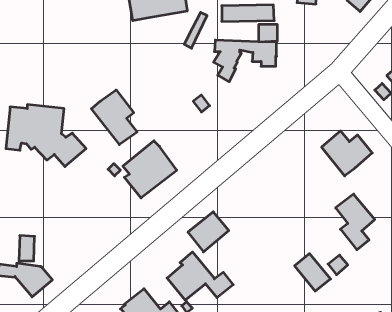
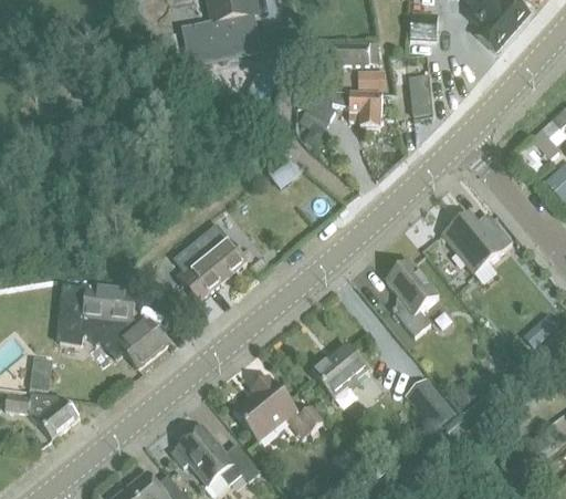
building: none -> [411,67,431,112]
building: [91,90,137,145] -> none
building: [6,105,86,167] -> [59,281,167,365]
building: [336,194,375,250] -> [385,260,438,335]
building: [188,212,229,252] -> [312,343,367,397]

